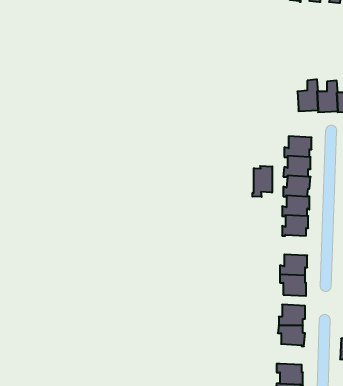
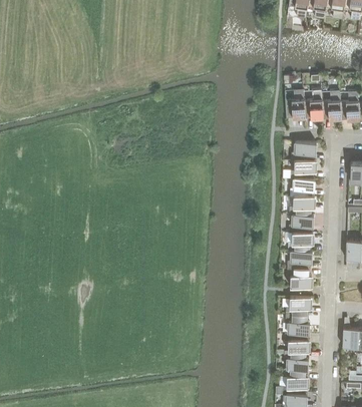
building: none -> [286,89,305,118]
building: [252,166,272,197] -> none
building: none -> [289,233,314,252]
building: none -> [286,333,310,353]

